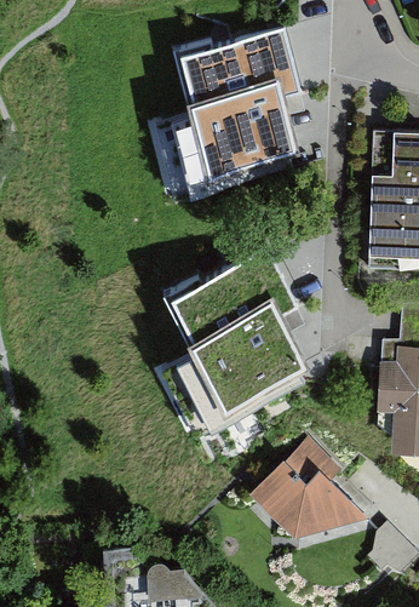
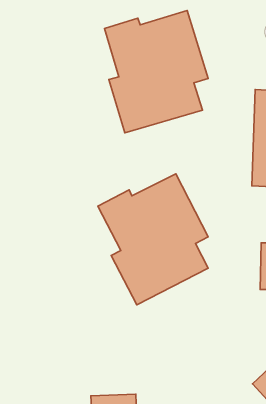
building: [253,442,369,563] -> none

